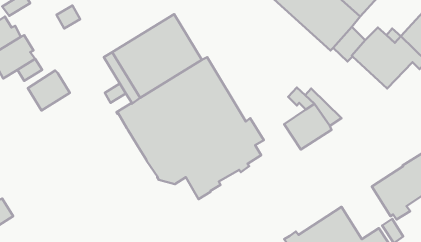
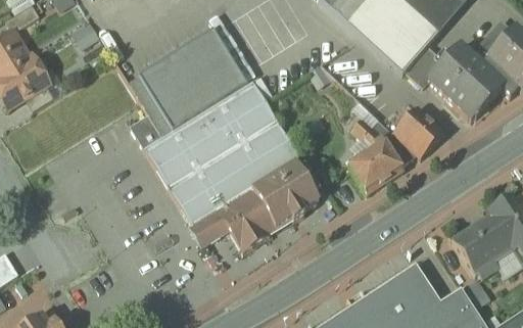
building: [28,70,70,110] -> none
building: none -> [393,106,444,156]

